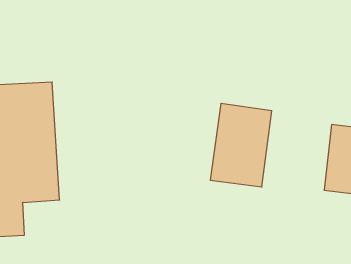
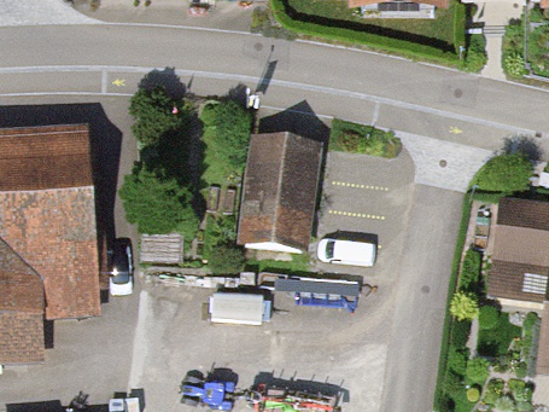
building: [210,103,272,187] -> [236,132,327,255]

